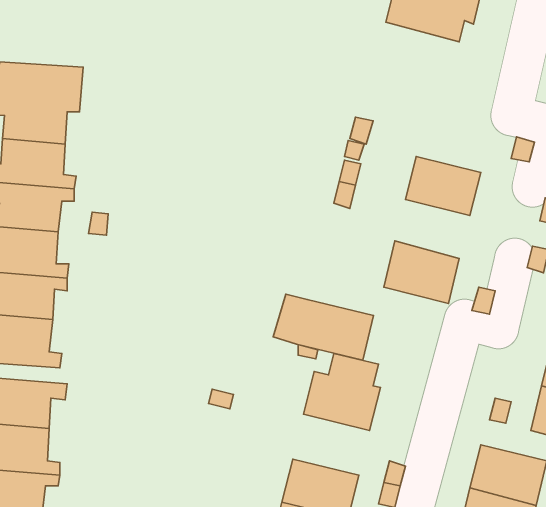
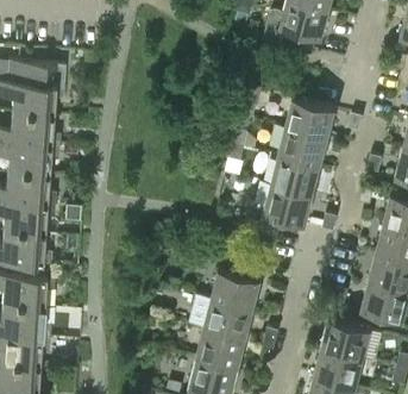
building: none -> [285,98,335,138]
building: none -> [271,156,321,195]
building: [273,294,373,360] -> [188,295,255,339]

